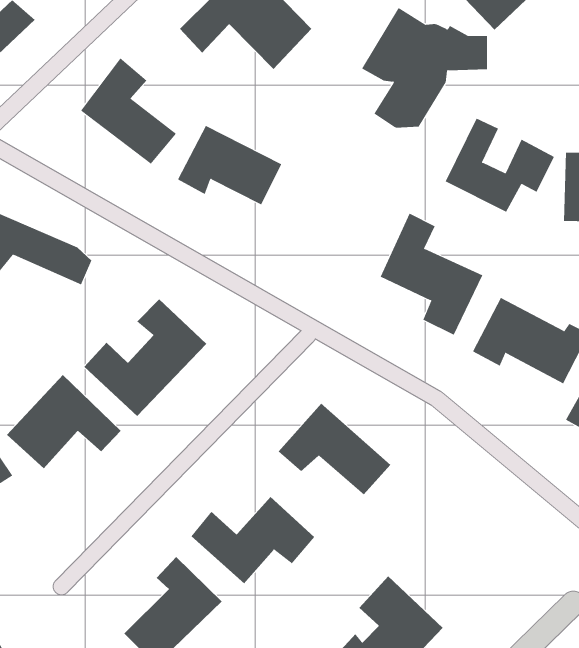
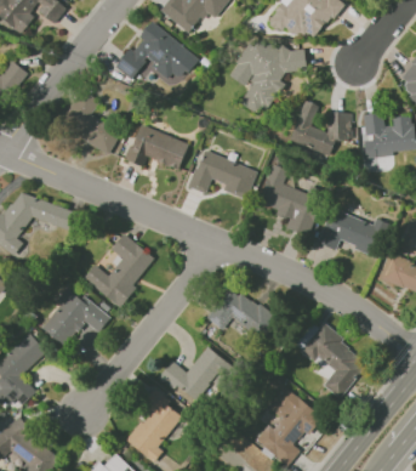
building: none -> [188,149,257,198]
building: none -> [301,325,367,398]

